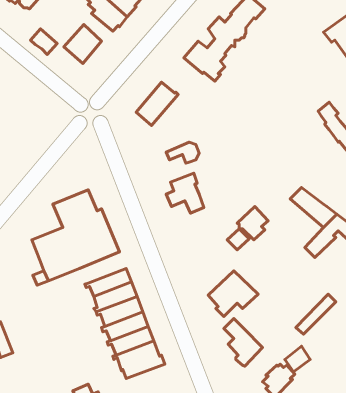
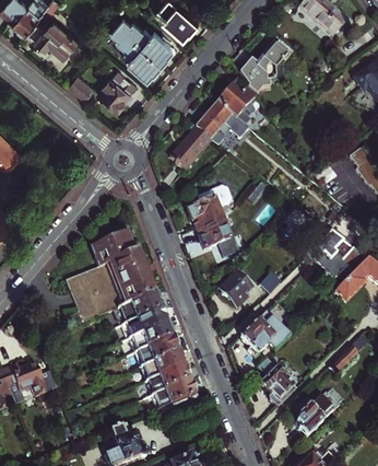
building: none -> [192,102,248,143]
building: none -> [188,197,226,224]
building: [237,207,268,240] -> [218,272,249,305]
building: none -> [114,293,160,324]

